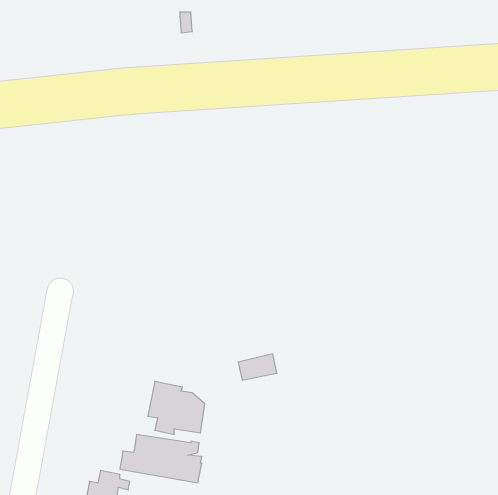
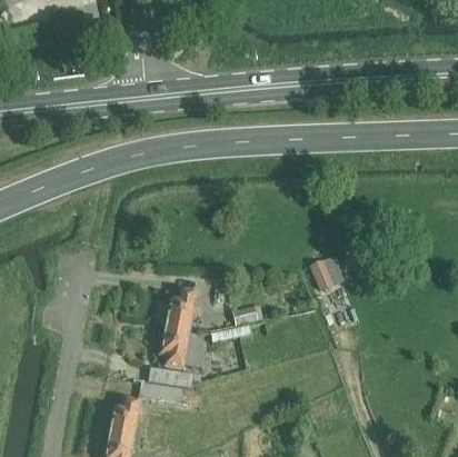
building: none -> [309,254,346,289]
building: none -> [166,288,195,329]

